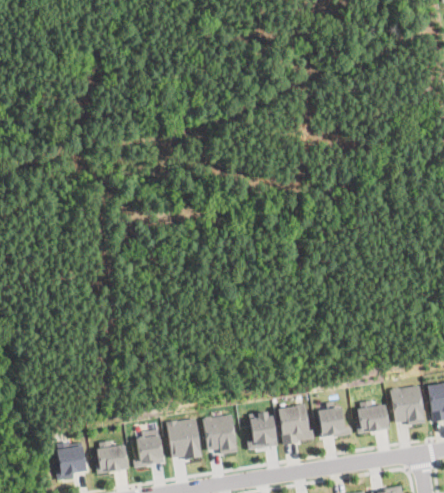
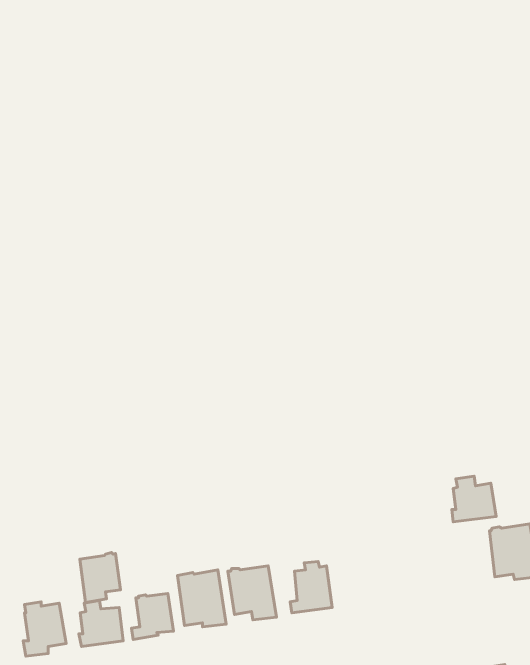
building: [357,400,389,433] -> [452,476,496,522]
building: [279,404,314,445] -> none
building: none -> [80,552,121,603]
building: [318,406,351,437] -> none

